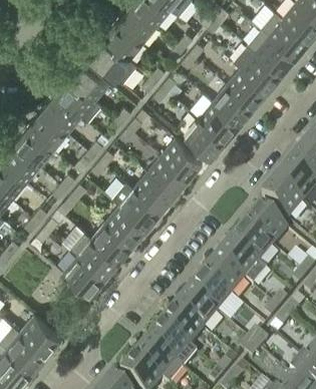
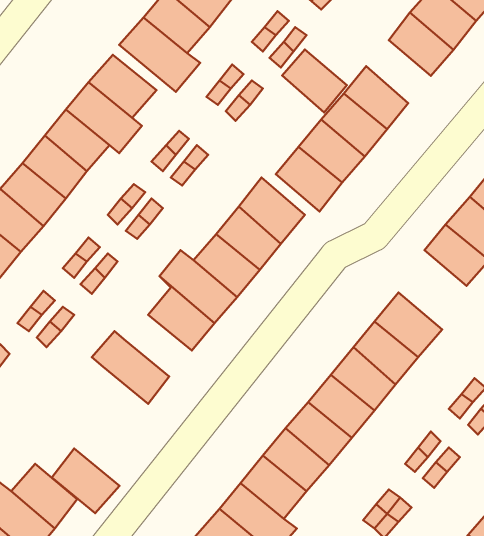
building: [240,51,280,90] -> [282,50,347,113]
building: [261,181,302,222] -> none
building: [90,222,131,260] -> none
building: [62,254,104,294] -> [52,449,120,513]

